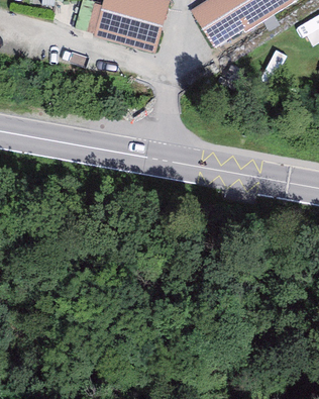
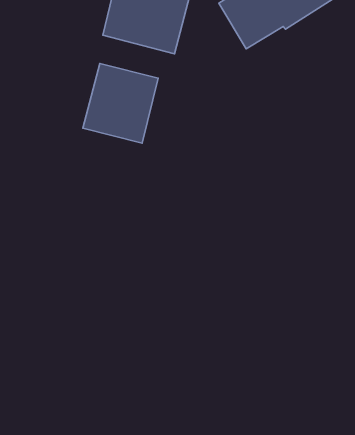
building: none -> [83,64,158,143]

